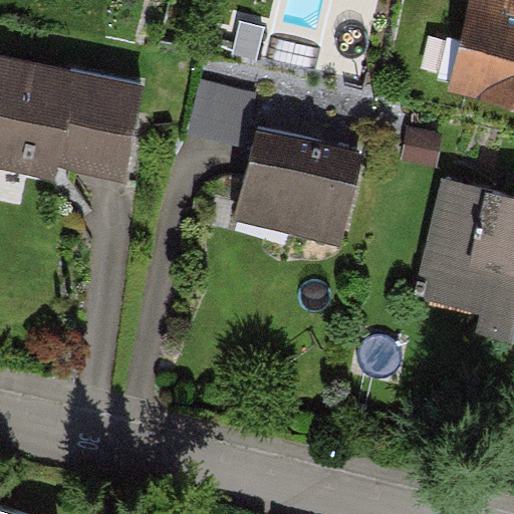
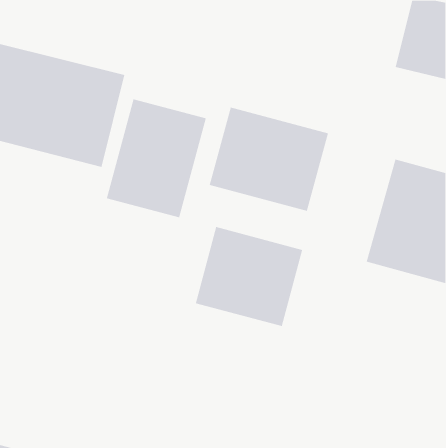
building: none -> [106,98,206,218]
building: none -> [195,226,303,327]

